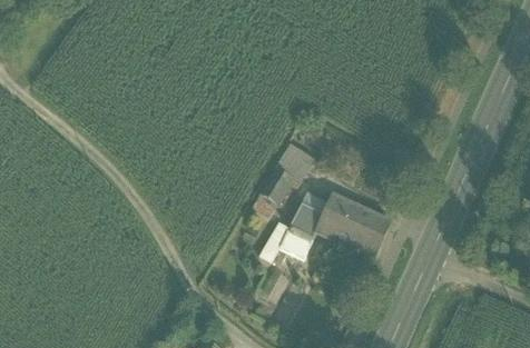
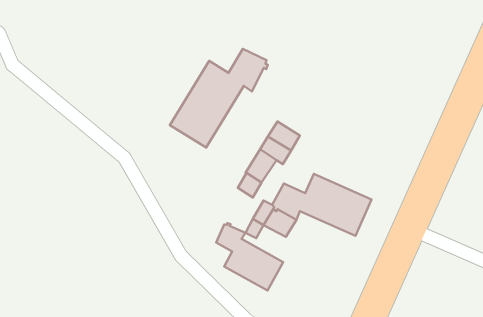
building: none -> [170,49,268,147]
building: none -> [216,223,283,290]

